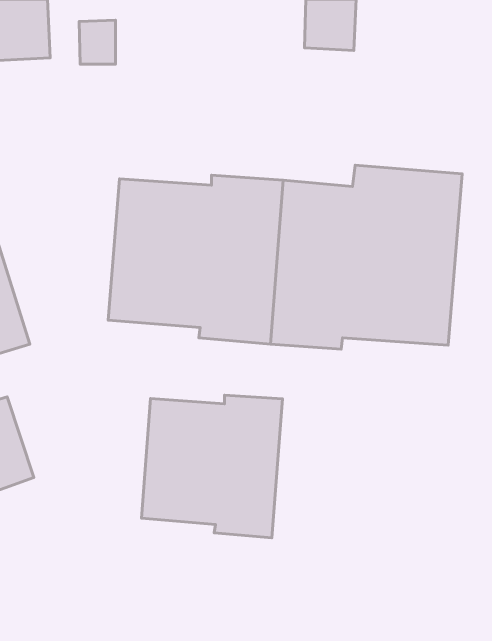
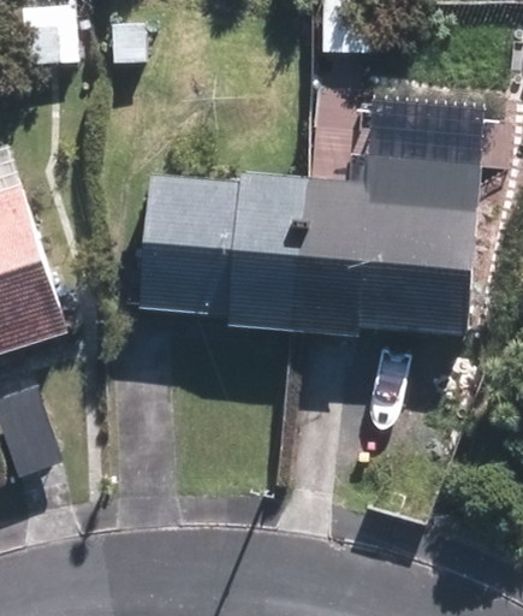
building: [142,395,282,538] -> none

